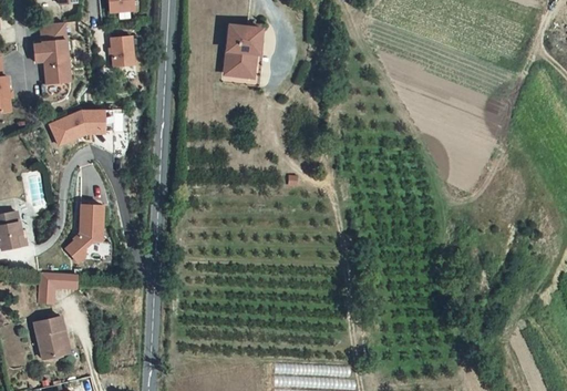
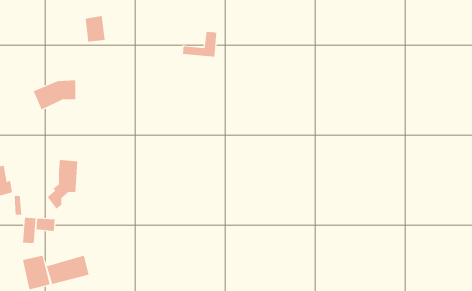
building: [31,23,69,84] -> none
building: [225,25,259,73] -> none
building: none -> [46,255,89,285]

